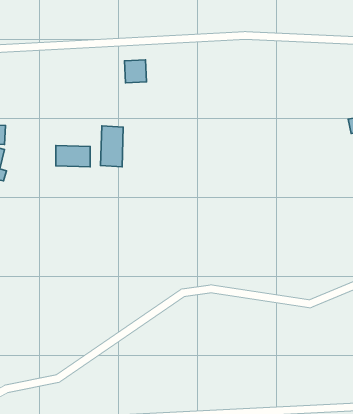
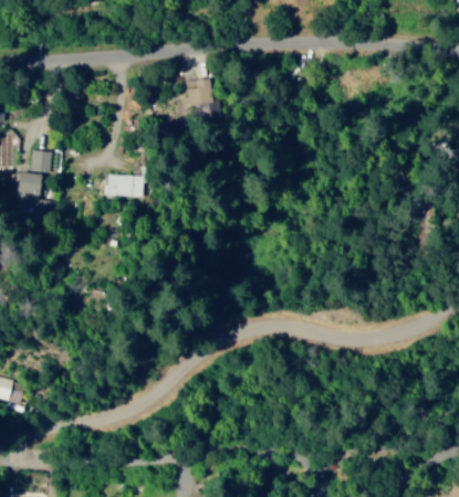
building: [101,126,123,167] -> none

